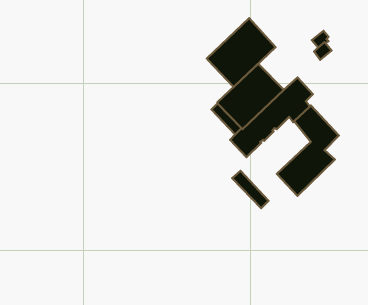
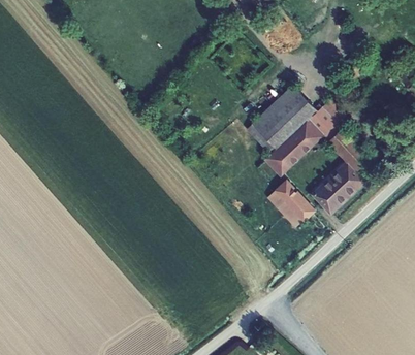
building: [207,18,276,87] -> none
building: none -> [273,179,316,222]

